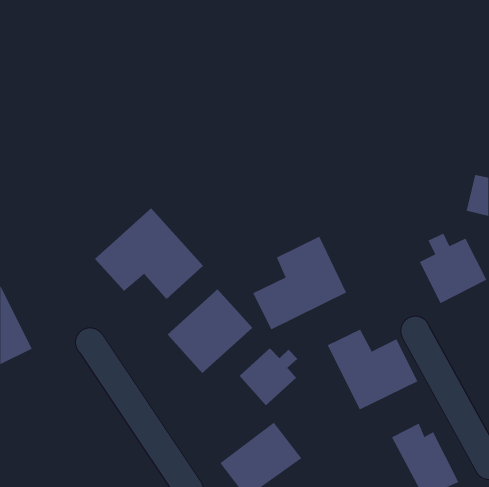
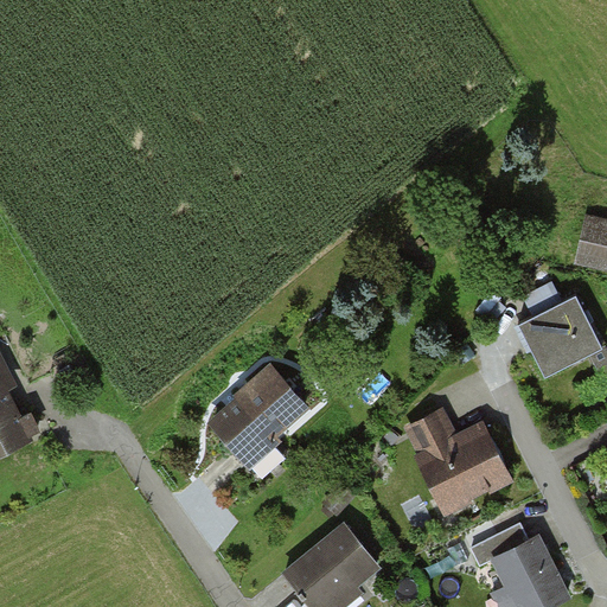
building: [94,208,204,300] -> none
building: [252,236,347,330] -> none
building: [239,347,298,406] -> none

